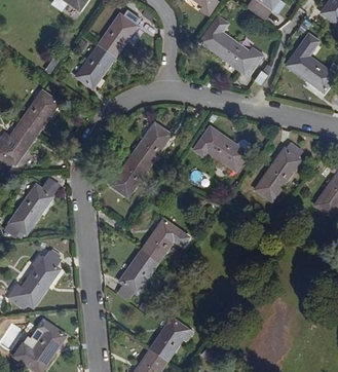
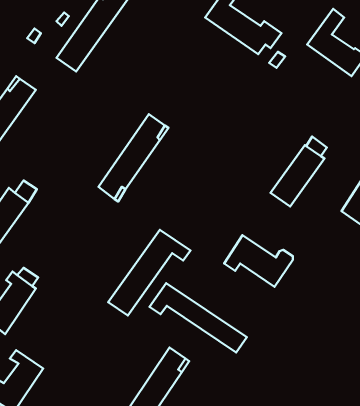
building: [193,126,251,170] -> [224,235,293,287]
building: none -> [149,283,247,353]

